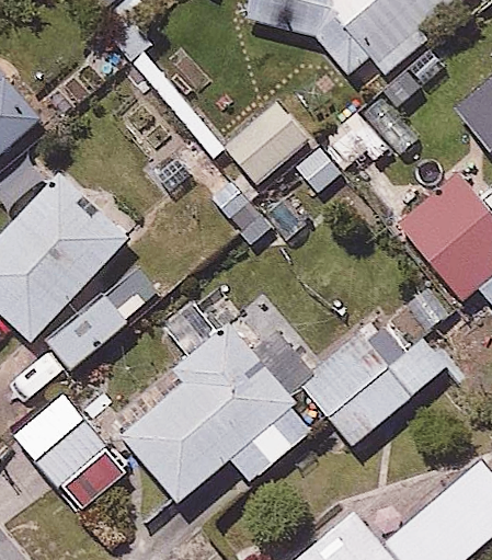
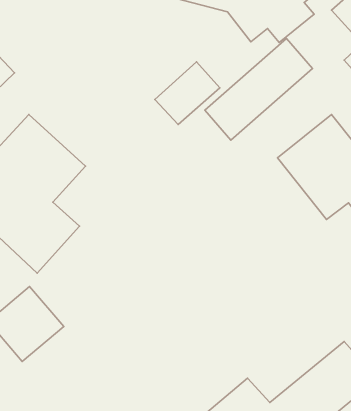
building: [114,323,314,507] -> none
building: [300,338,443,450] -> none

